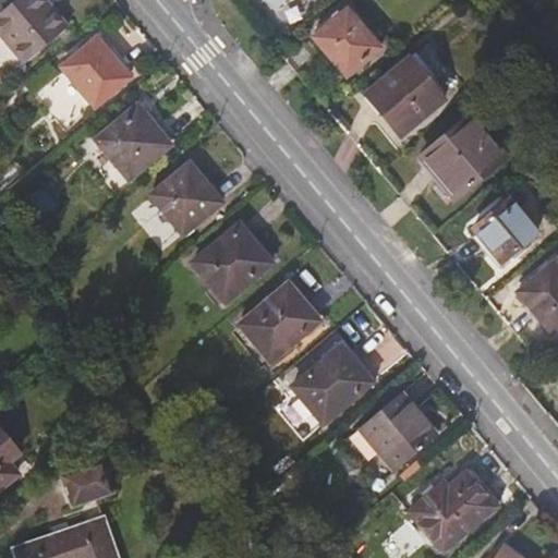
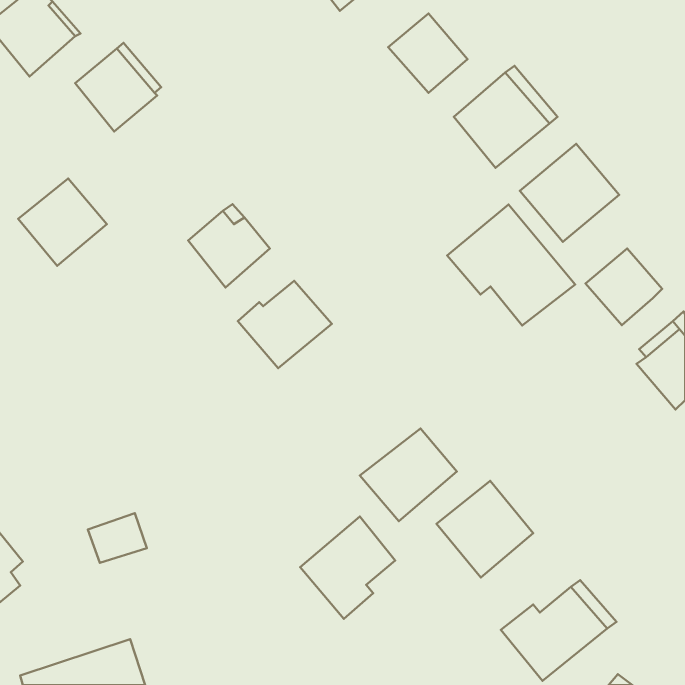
building: [96,108,168,179] -> [18,178,107,266]
building: none -> [447,205,575,325]
building: [241,286,318,360] -> none
building: none -> [300,516,395,619]
building: [66,465,114,506] -> [88,513,147,563]

